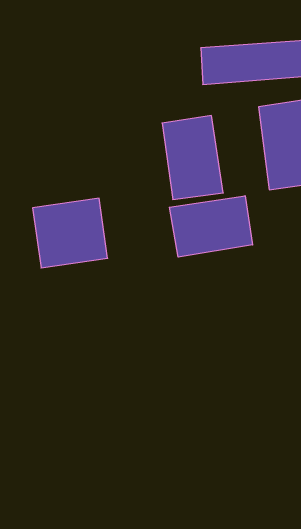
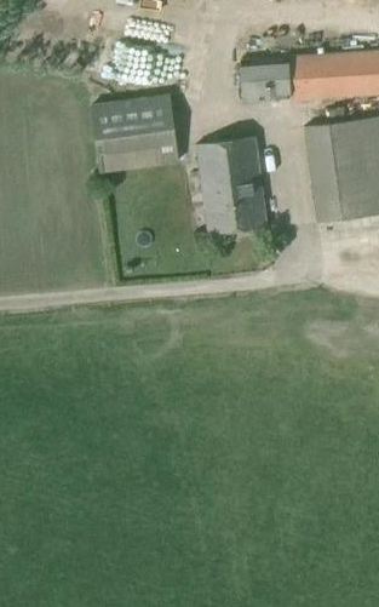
building: [169,196,253,257] -> none
building: [33,198,108,268] -> [93,95,178,173]

